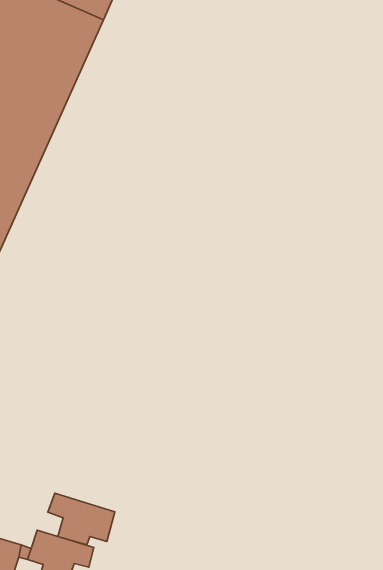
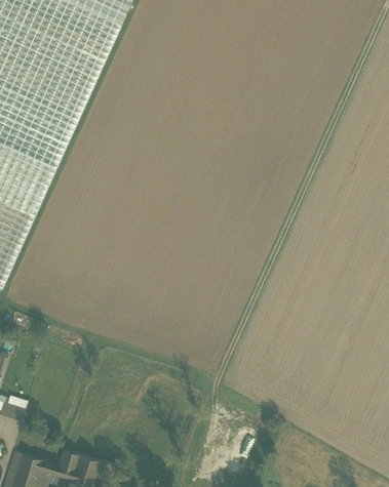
building: [48,493,115,545] -> none

